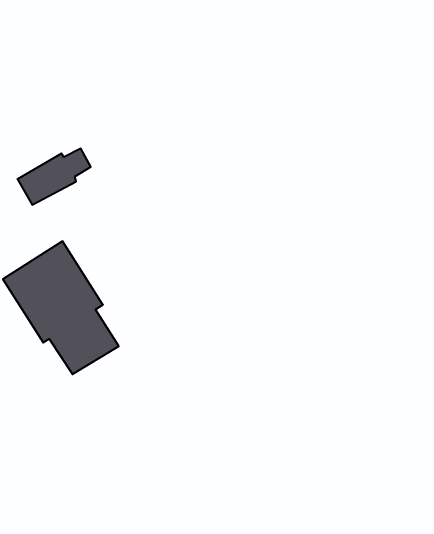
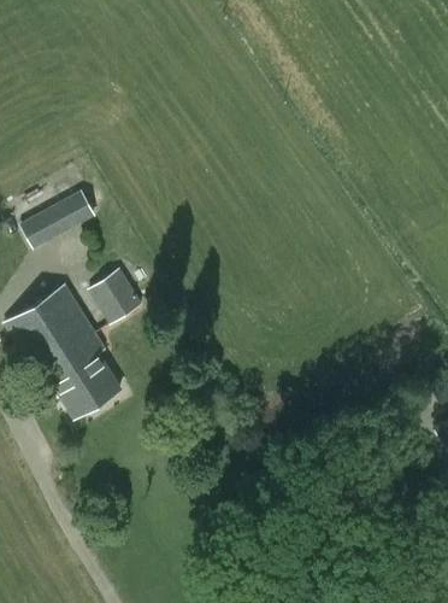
building: none -> [90,268,142,322]

